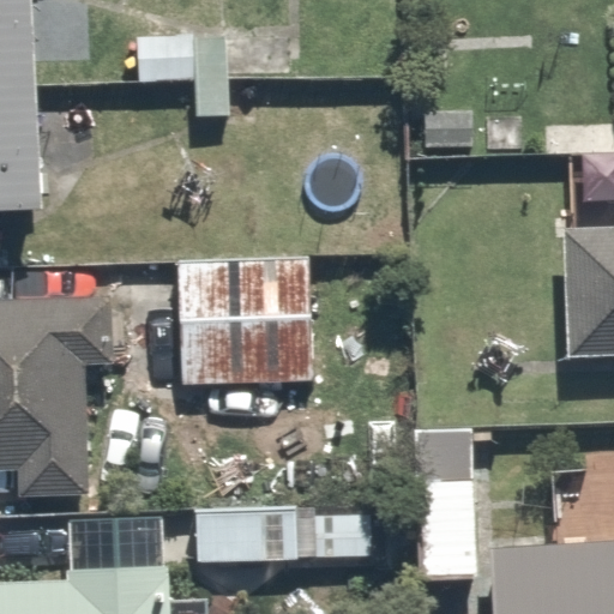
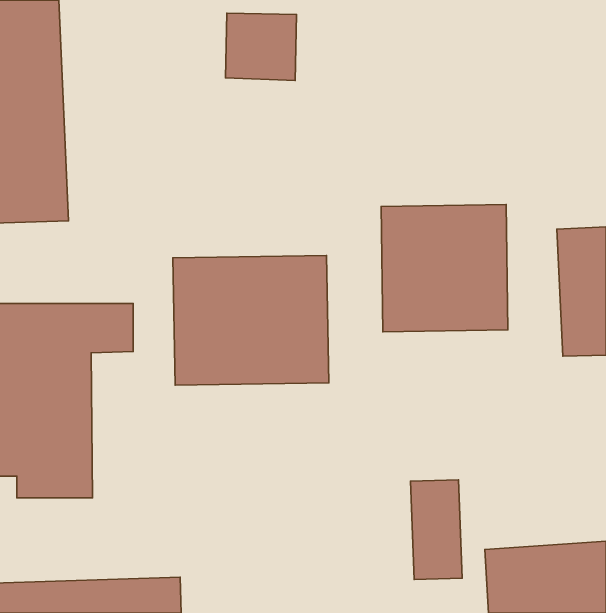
building: none -> [381,205,508,332]
building: [204,493,372,567] -> none

